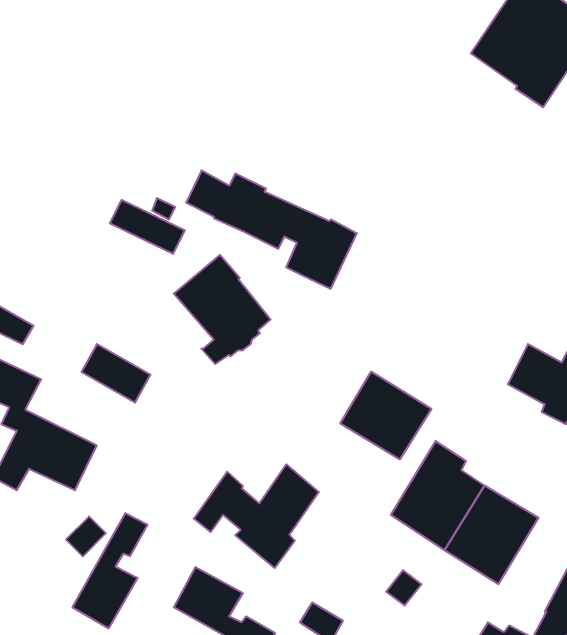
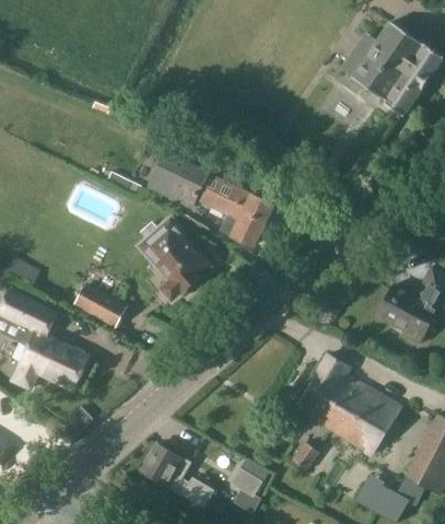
building: [110,200,185,254] -> none
building: [340,372,431,459] -> none
building: [194,464,319,568] -> none
building: [72,513,147,628] -> none

